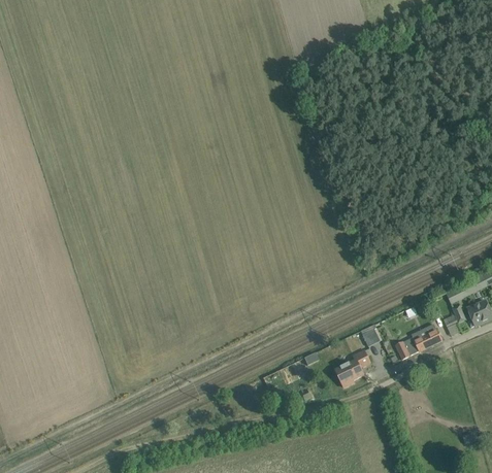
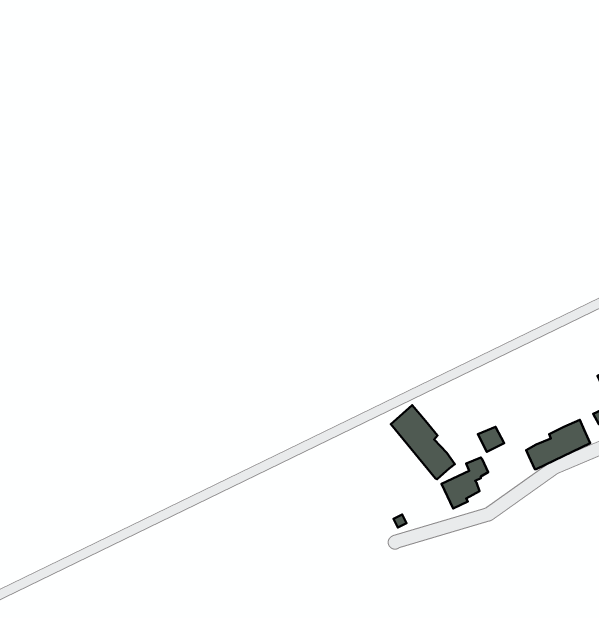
building: none -> [391,405,455,479]

